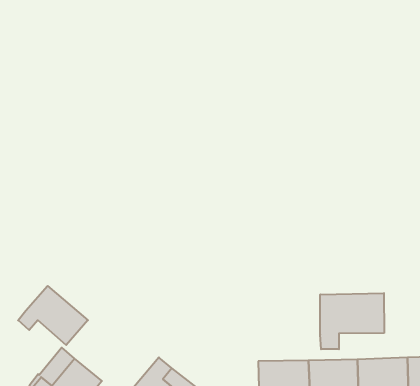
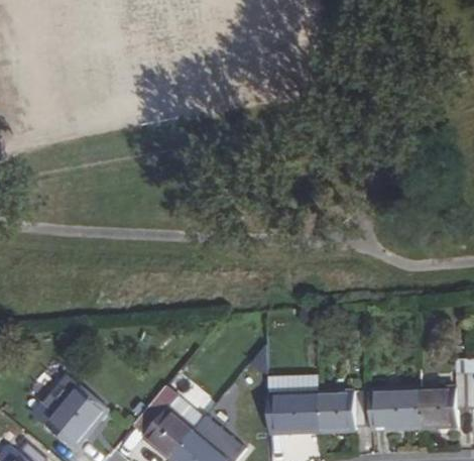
building: [18,286,88,345] -> none
building: [320,293,384,349] -> none

